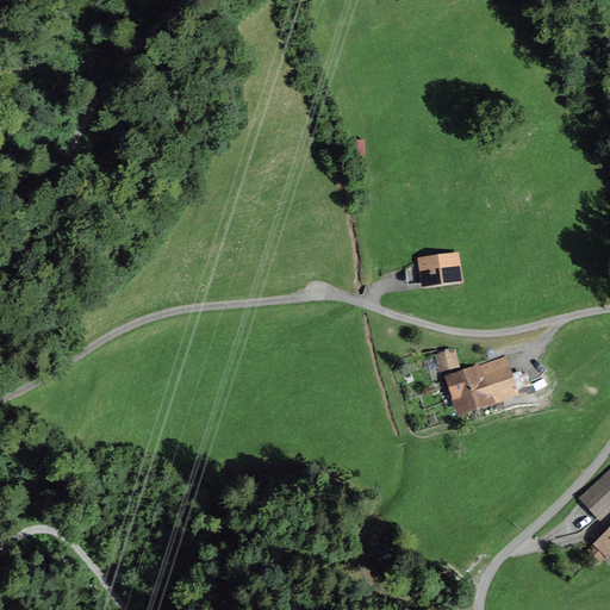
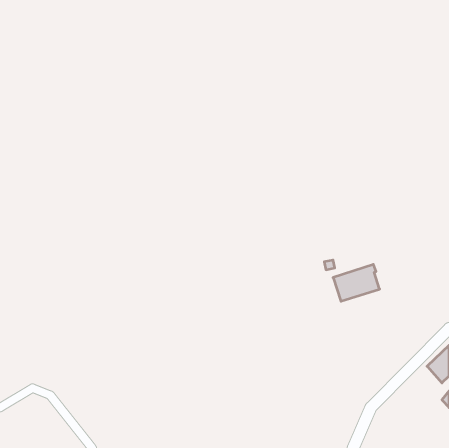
building: [423,256,458,282] -> none

